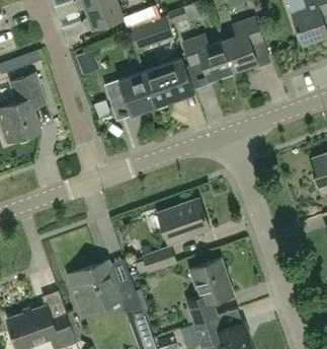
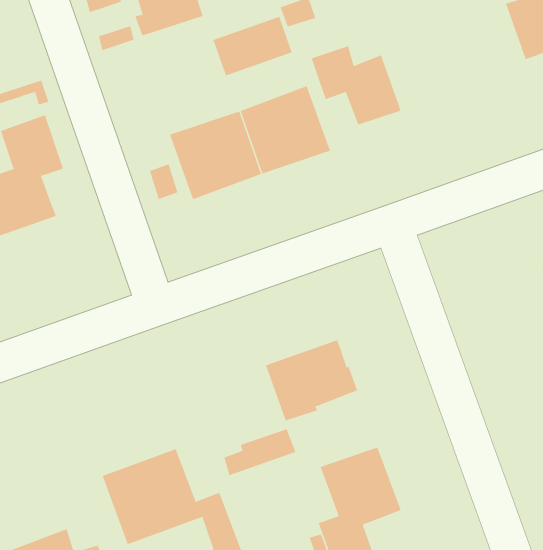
building: [223,16,262,71] -> none

